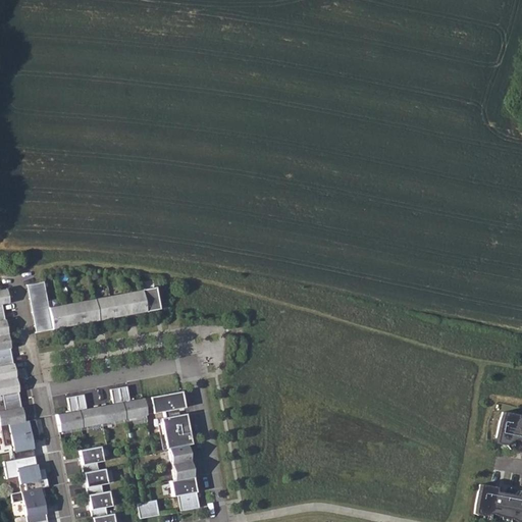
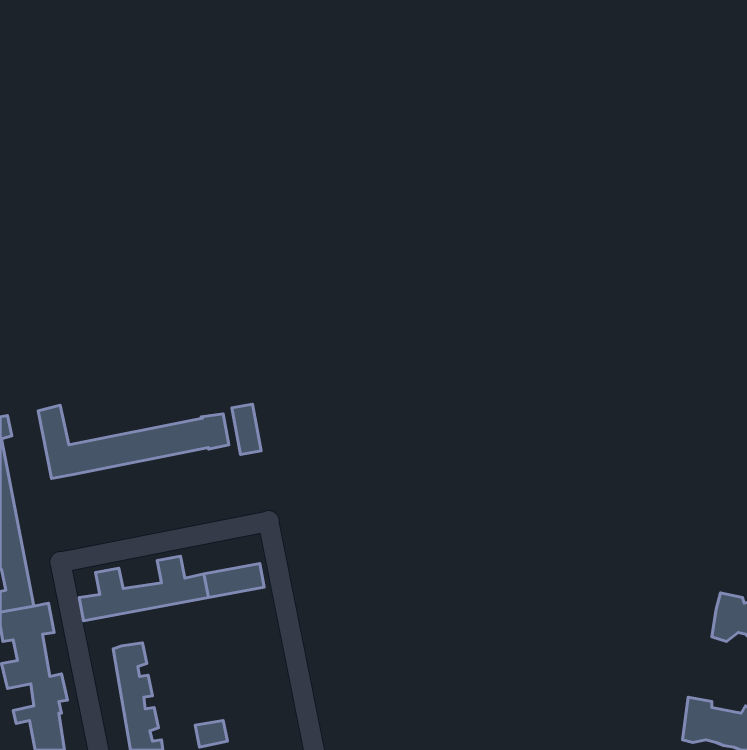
building: none -> [232,404,261,455]
building: [162,414,200,511] -> none

